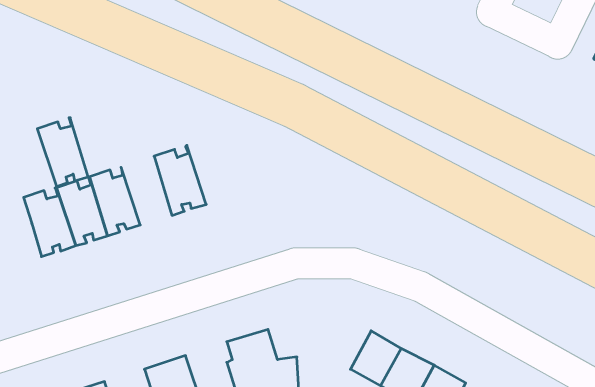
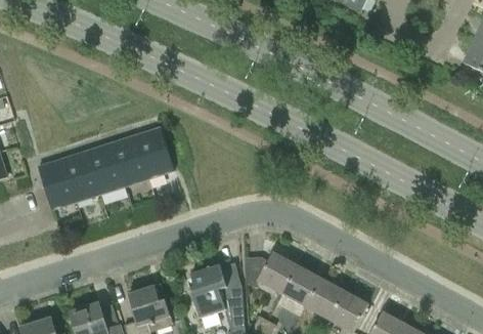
building: [37,118,88,186] -> [111,134,148,185]
building: none -> [257,251,297,293]

